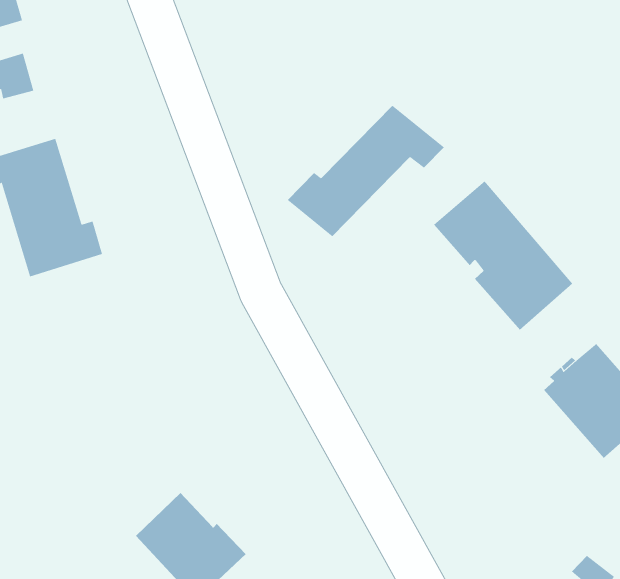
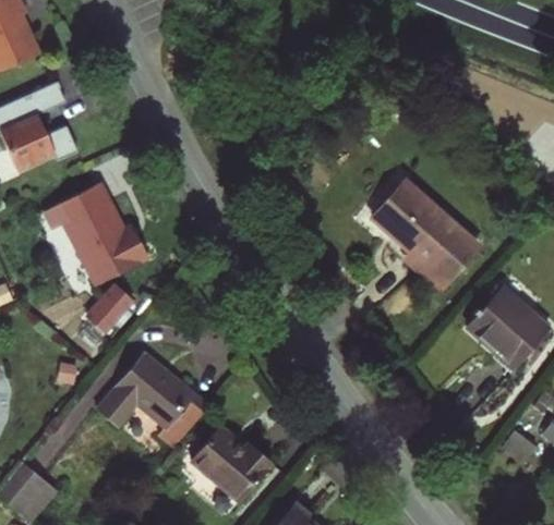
building: [287,105,445,237] -> none
building: none -> [93,285,131,334]
building: none -> [99,353,206,445]

